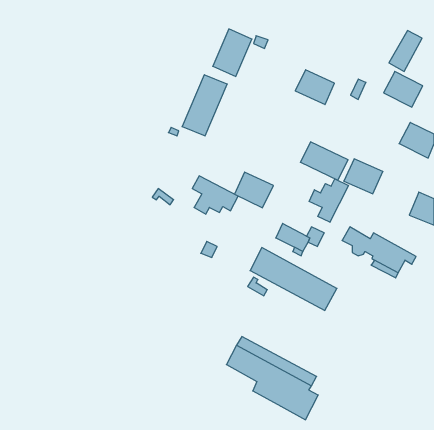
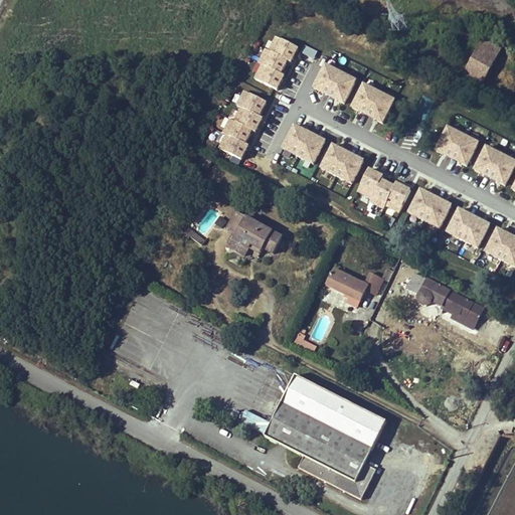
building: none -> [311,62,357,106]
building: [384,71,423,107] -> [434,125,480,167]
building: none -> [280,123,327,166]
building: [234,172,273,208] -> [319,143,365,185]
building: none -> [446,208,490,248]
building: [309,179,348,222] -> none
building: [250,248,337,310] -> [286,371,388,446]

